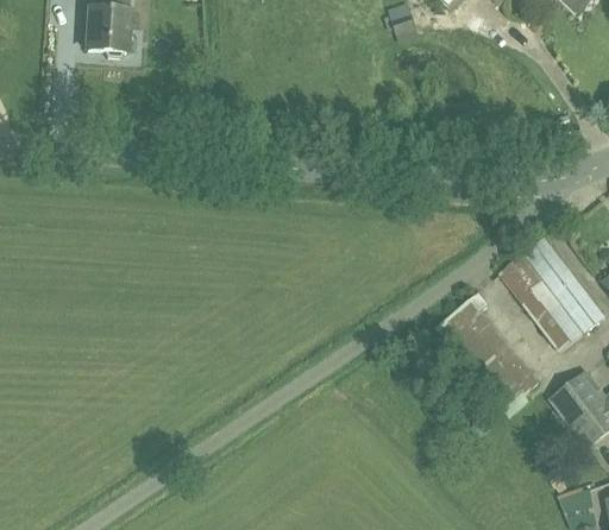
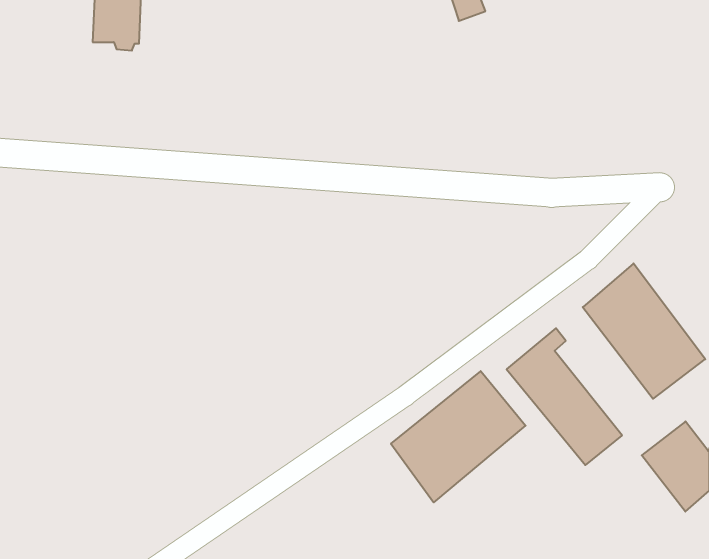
building: none -> [391,371,526,502]

